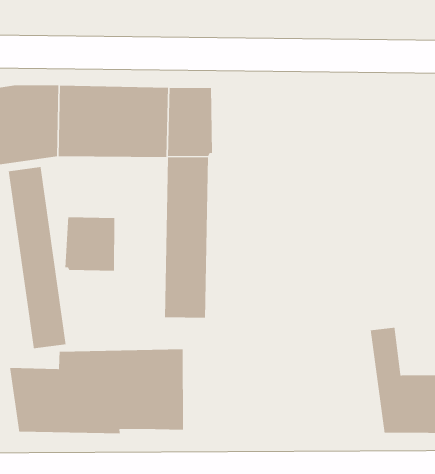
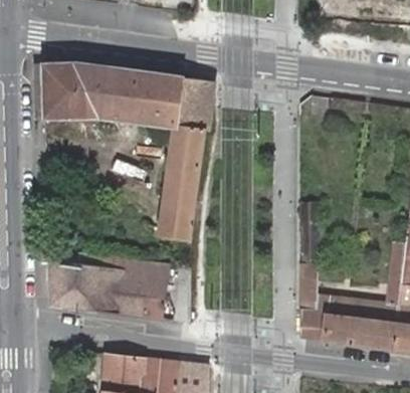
building: [8,166,67,349] -> none
building: [64,216,115,271] -> none

